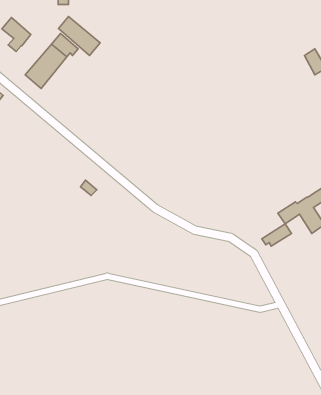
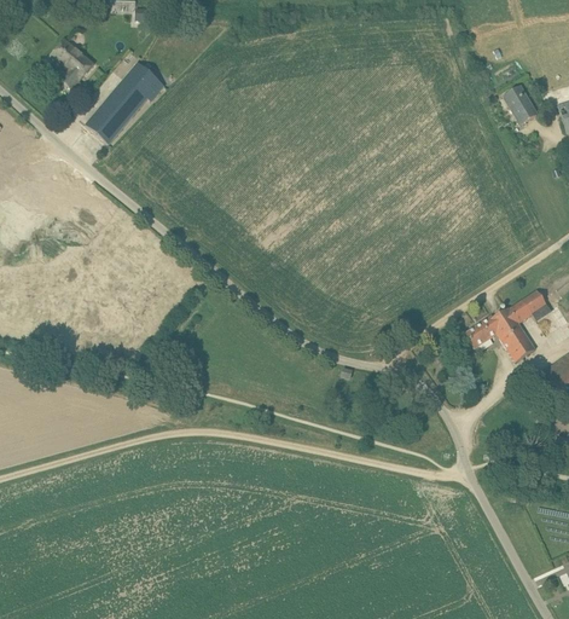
building: [58,17,100,56] -> none
building: [262,224,291,246] -> none

